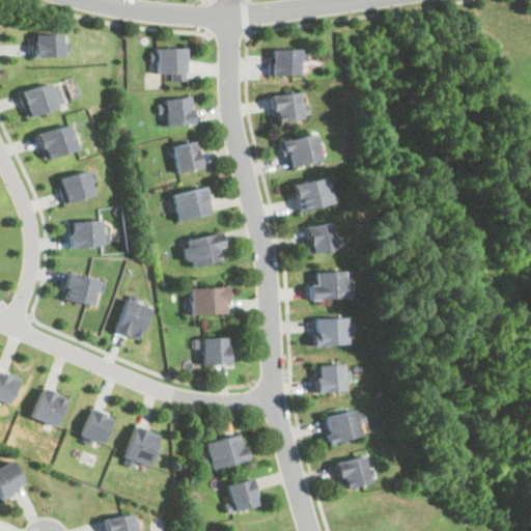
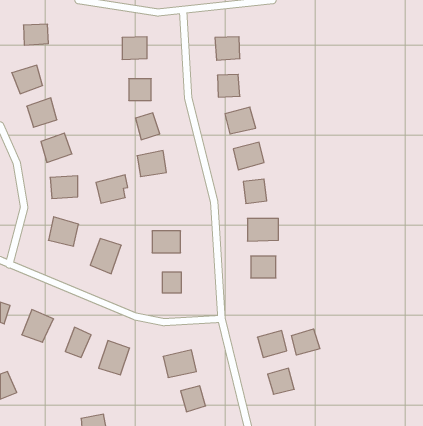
building: [187,233,226,269] -> [96,175,128,203]
building: [316,366,344,394] -> none
building: none -> [292,329,320,355]

